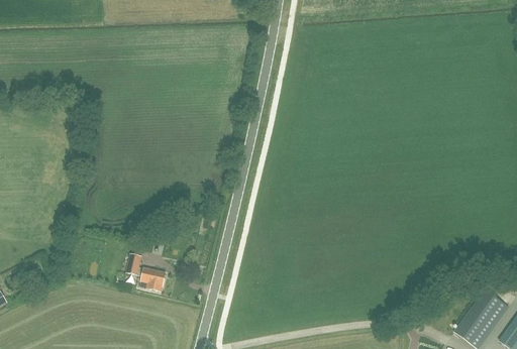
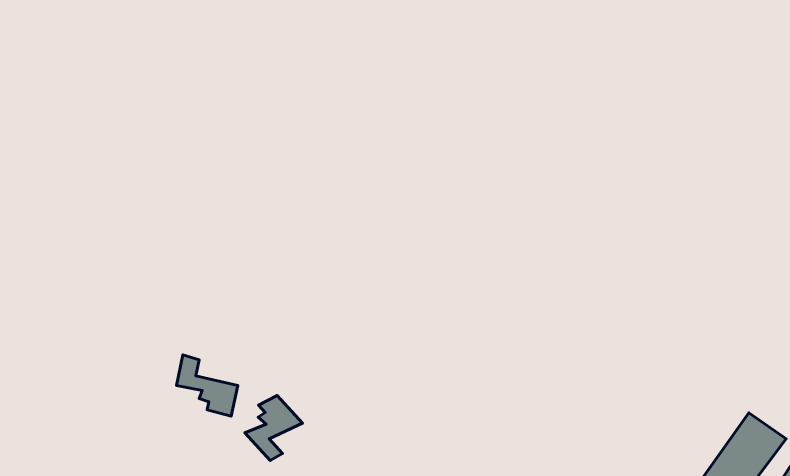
building: none -> [245,395,303,461]

